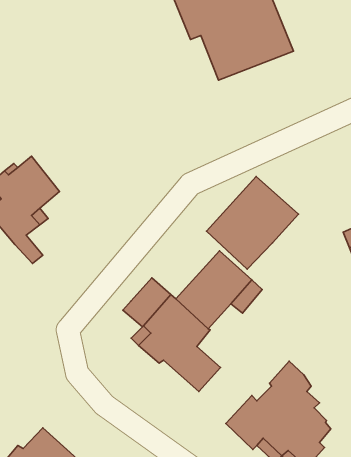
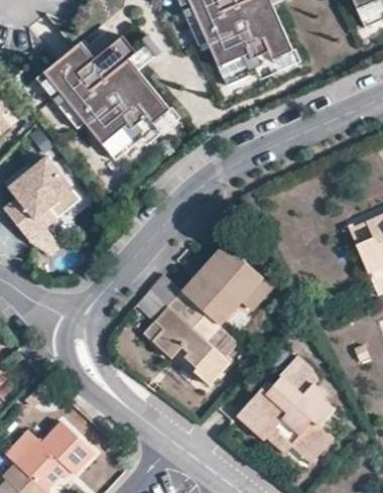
building: none -> [36,35,175,159]
building: [206,177,298,269] -> none

